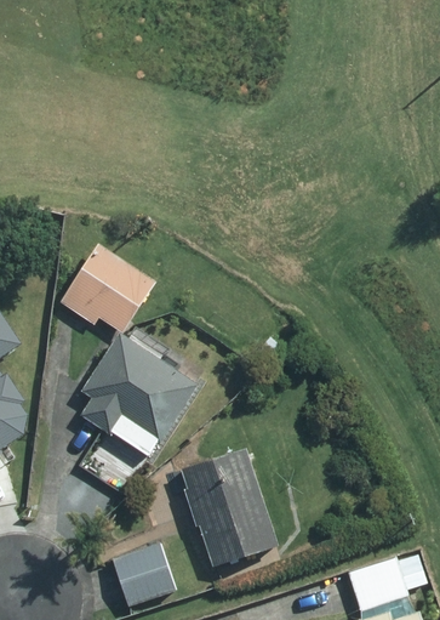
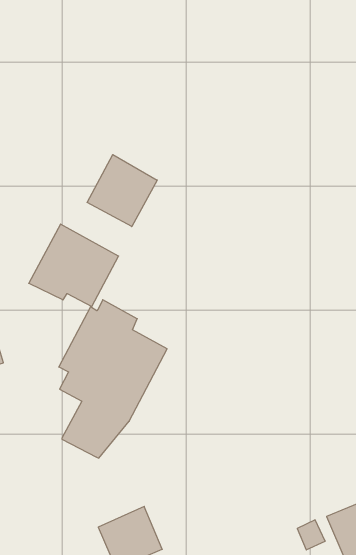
building: none -> [87,155,157,227]
building: [182,450,278,568] -> none

